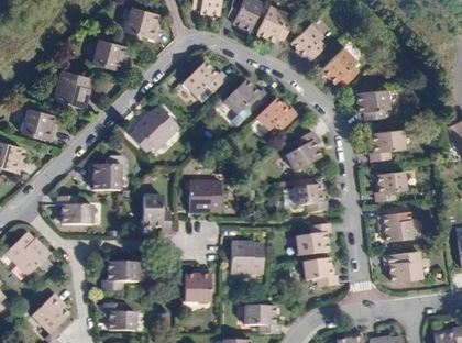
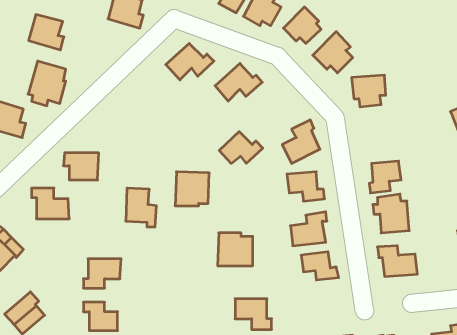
building: [91,45,124,78] -> [29,15,64,50]
building: [261,98,301,128] -> [219,132,263,163]
building: [138,106,183,148] -> none
building: [365,130,399,161] -> none
building: [186,269,211,300] -> none

